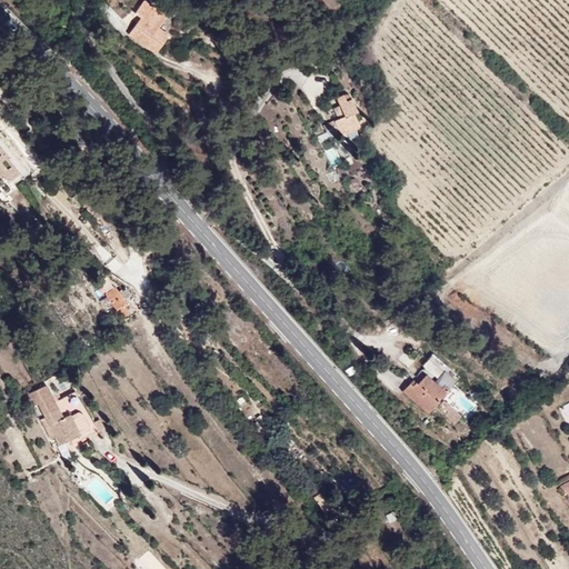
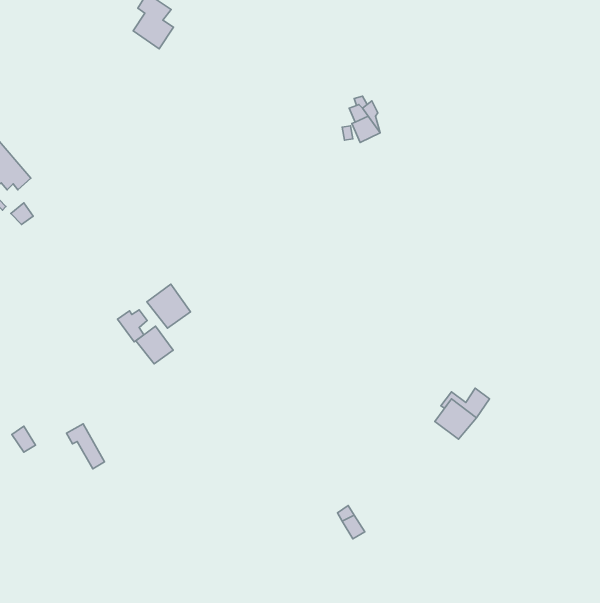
building: none -> [147,284,191,328]
building: none -> [136,326,173,364]
building: [30,389,84,451] -> none

